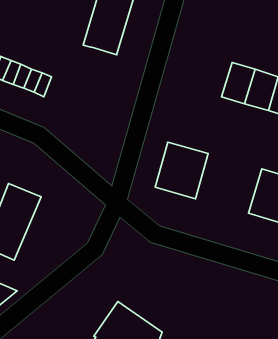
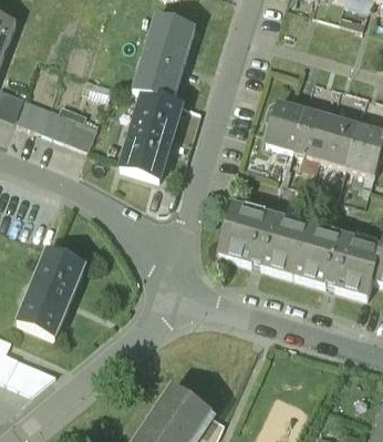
building: none -> [120,91,182,177]
building: none -> [265,101,304,148]
building: none -> [262,214,339,282]

